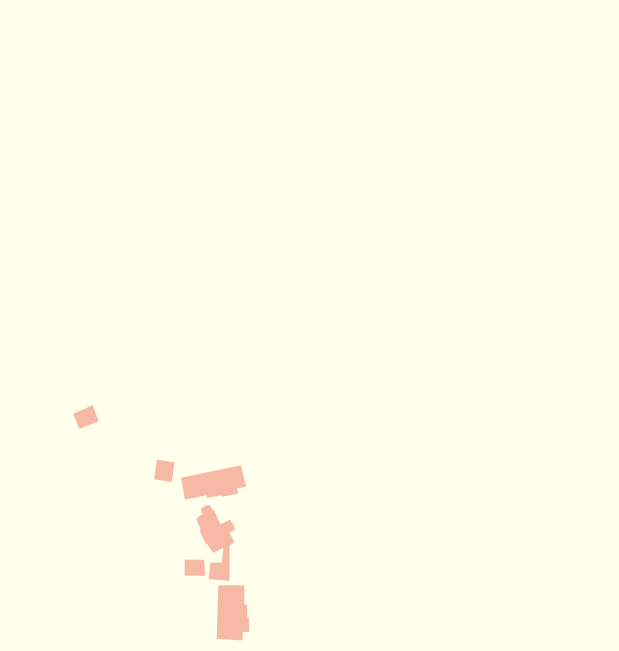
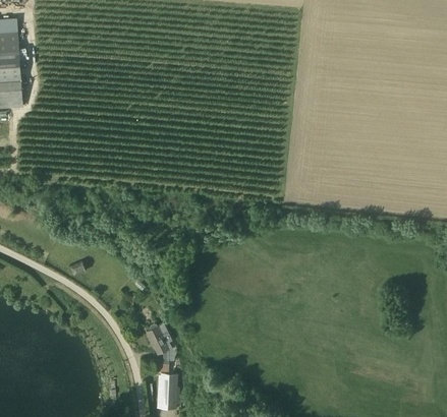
building: [180,464,247,500] -> none

